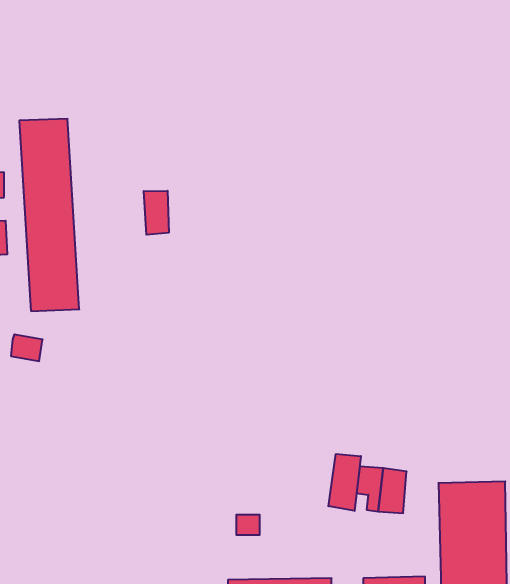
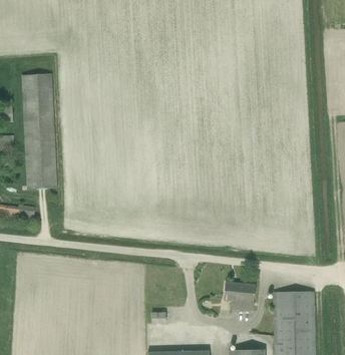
building: [144,191,169,235] -> none
building: [328,454,361,511] -> none

